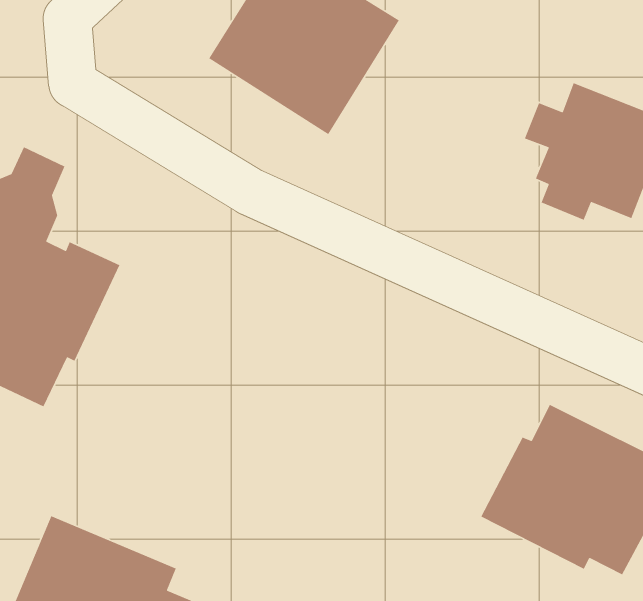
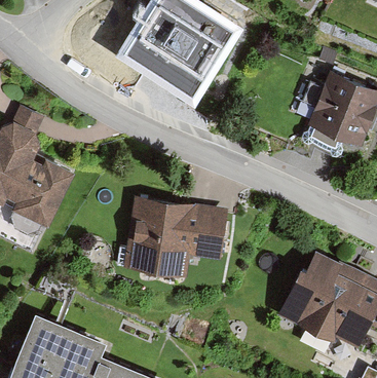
building: none -> [124,196,229,277]

